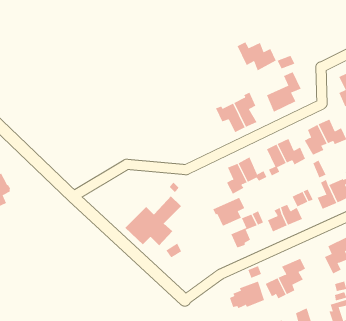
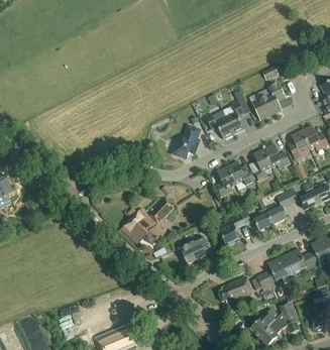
building: [237,41,277,71] -> none
building: none -> [173,124,200,156]
building: [213,197,245,226] -> [179,235,209,262]
building: none -> [285,248,316,274]

